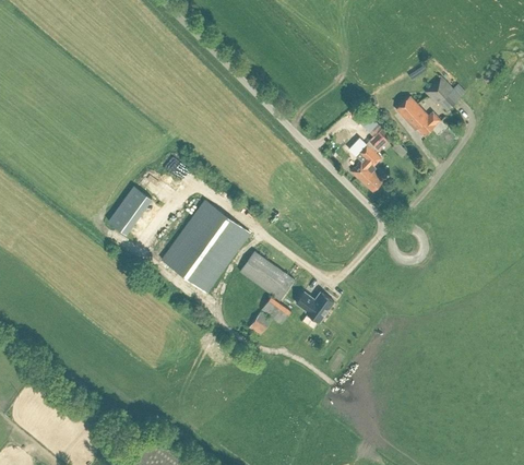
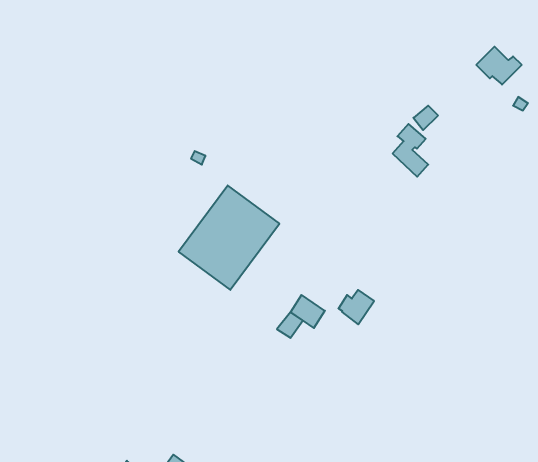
building: [395,97,440,136] -> none
building: [108,186,152,235] -> none
building: [240,252,293,300] -> none

